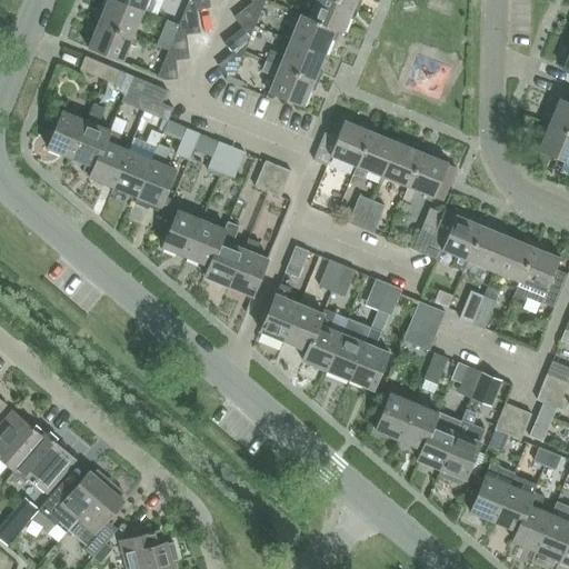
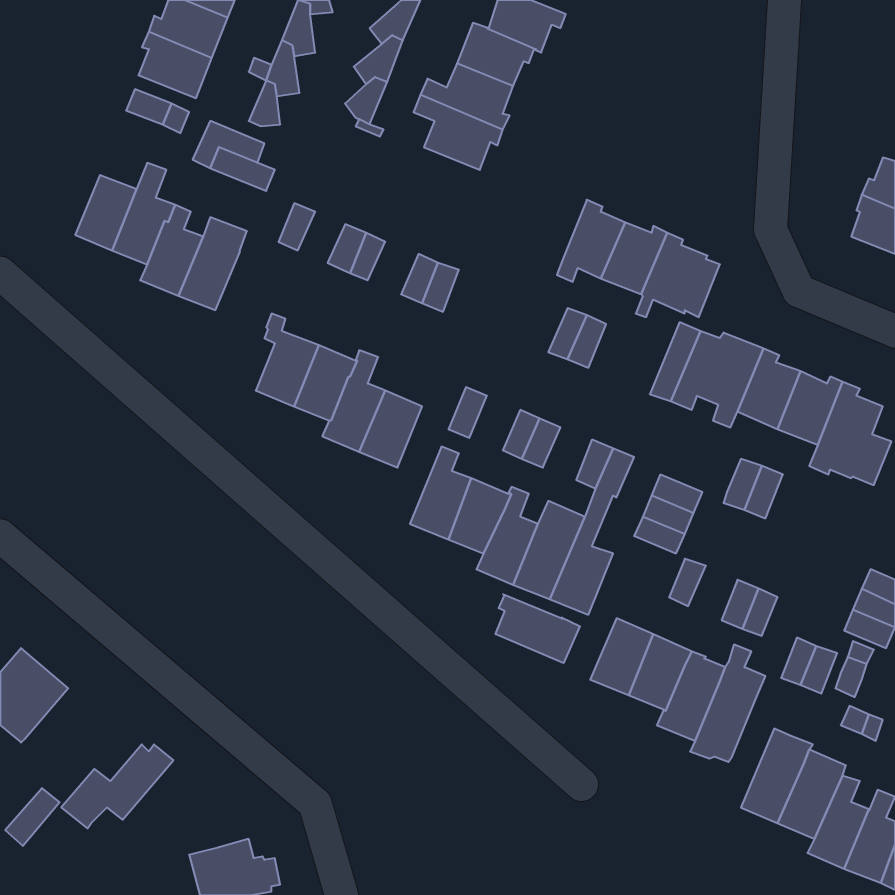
building: [315,120,372,166] -> none
building: [137,143,176,208] -> none
building: none -> [496,594,580,663]
building: [16,435,76,495] -> none
building: [78,482,124,558] -> none

